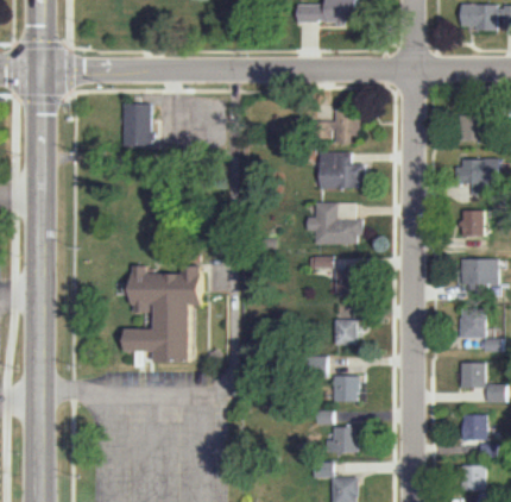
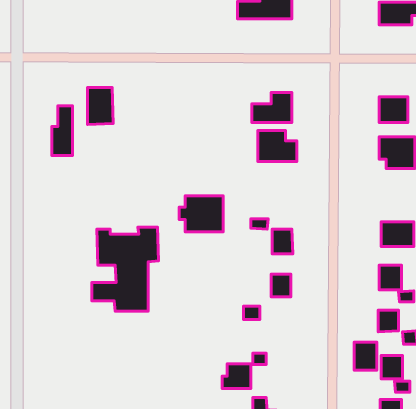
building: none -> [52,106,72,156]
building: [307,203,358,245] -> [179,196,223,232]
building: [460,211,484,236] -> none
building: [333,374,358,401] -> none
building: none -> [354,342,377,370]
building: [323,423,357,452] -> [222,364,251,388]

